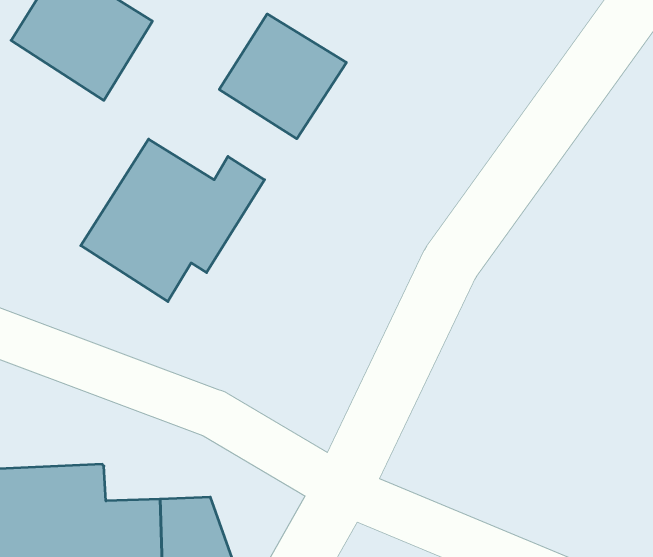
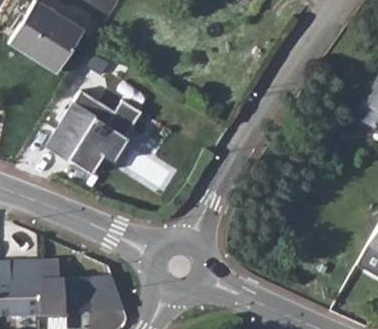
building: [219,14,346,139] -> none

